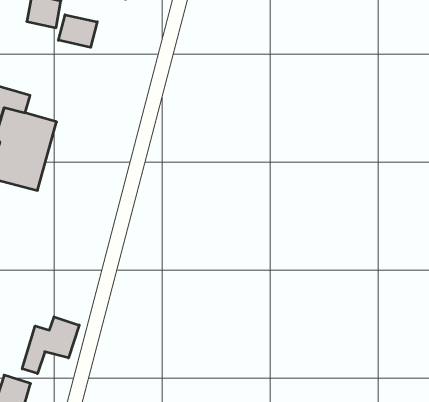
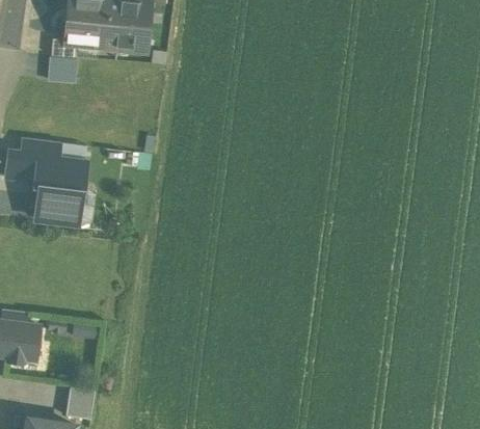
building: [58,15,97,47] -> none
building: [22,317,79,374] -> none

